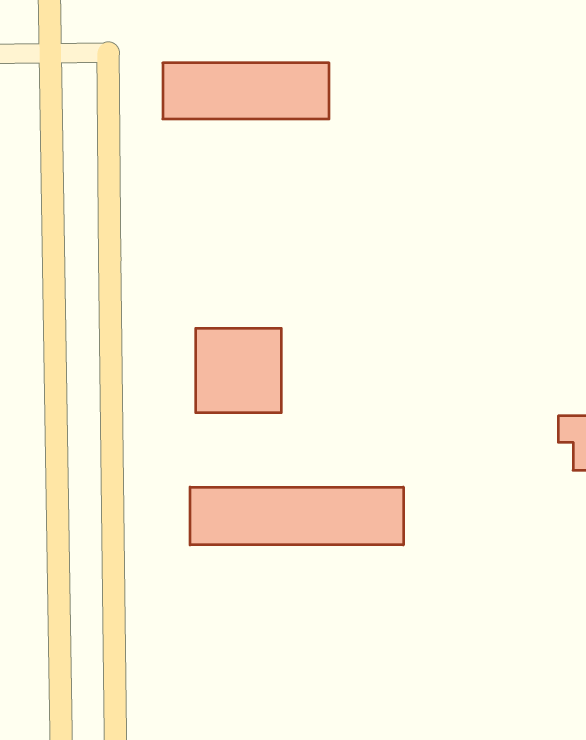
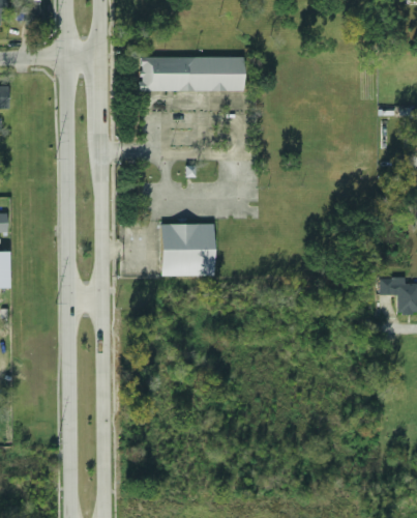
building: [190,487,403,545] -> none

